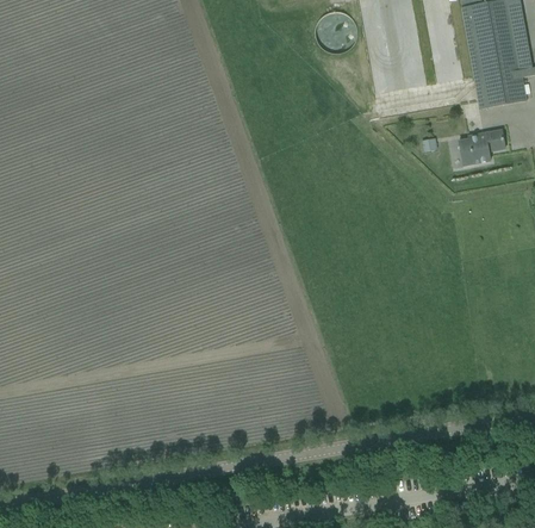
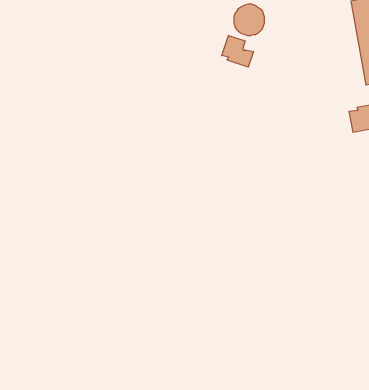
building: none -> [222,35,253,67]

